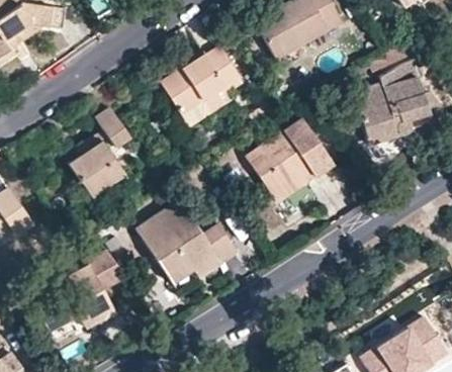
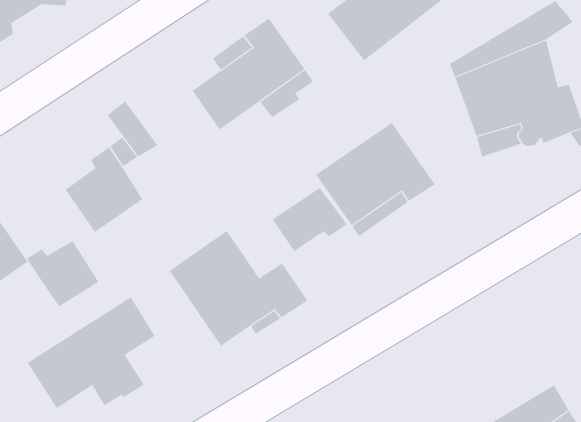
building: none -> [272,187,347,252]
building: none -> [26,240,99,307]

